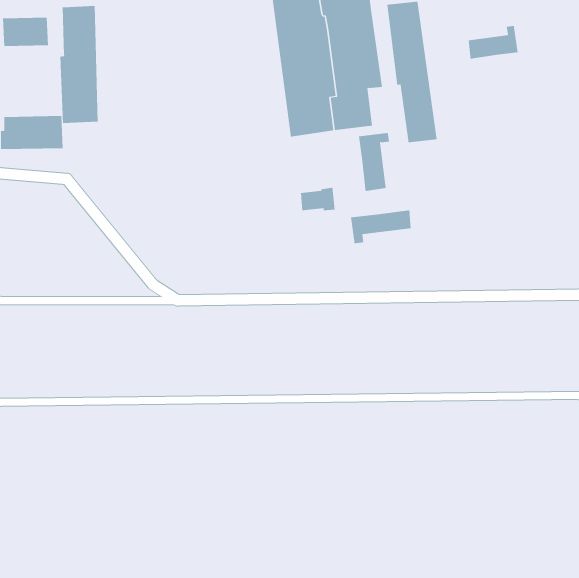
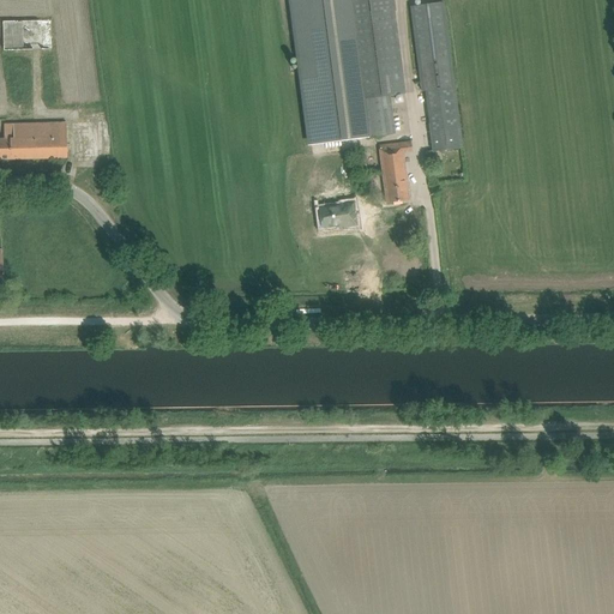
building: [60,5,98,124] -> none
building: [468,25,518,60] -> none
building: [350,209,411,244] -> none

